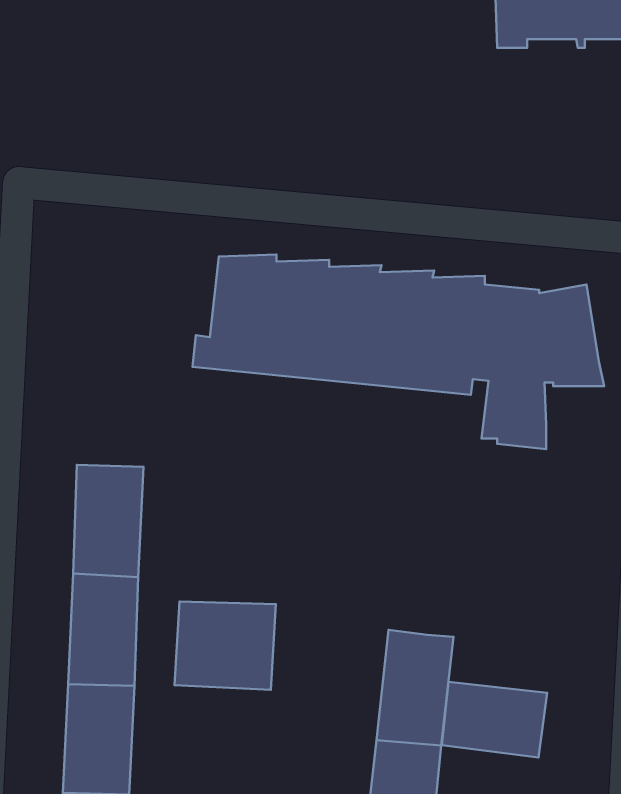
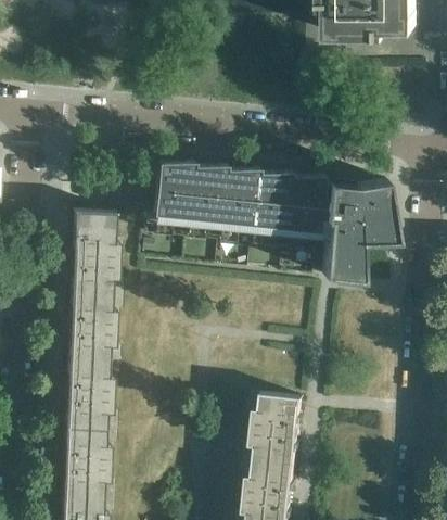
building: none -> [71,211,115,293]
building: [175,602,276,690] -> none
building: [442,682,547,758] -> none

